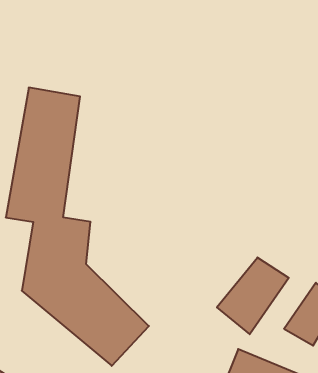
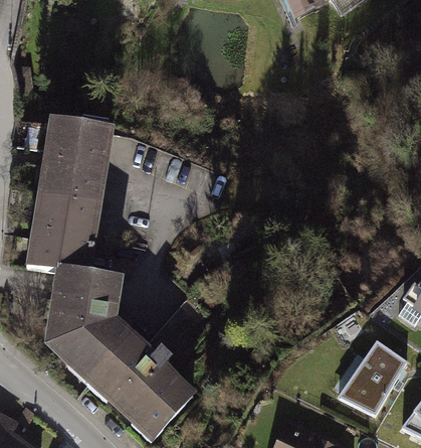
building: [217,257,289,334] -> none

